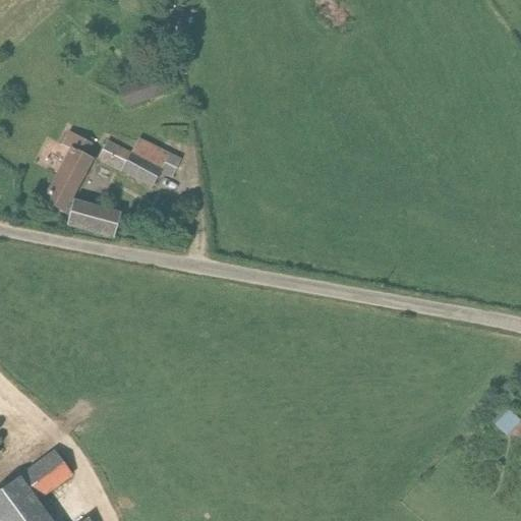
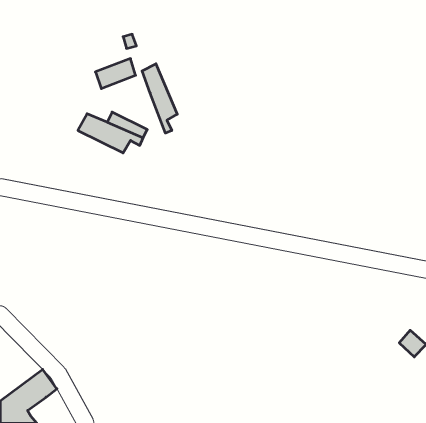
building: none -> [142,64,177,133]
building: [44,129,121,235] -> none

